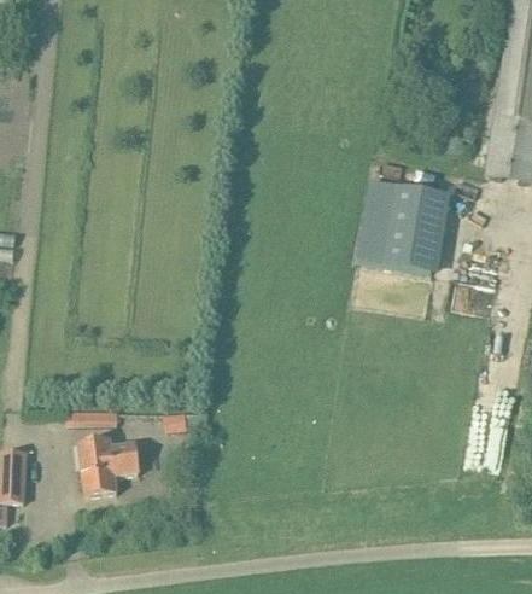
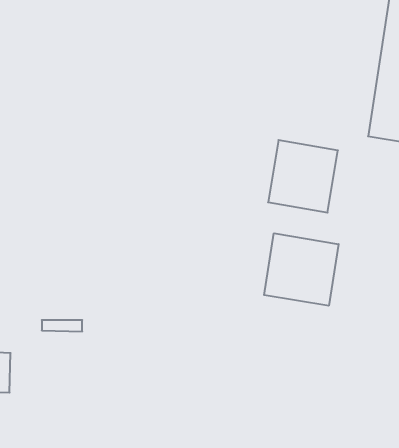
building: none -> [264,233,339,306]
building: [77,439,139,495] -> none

